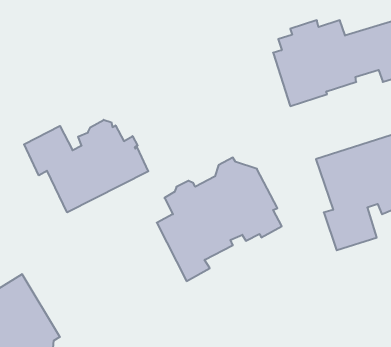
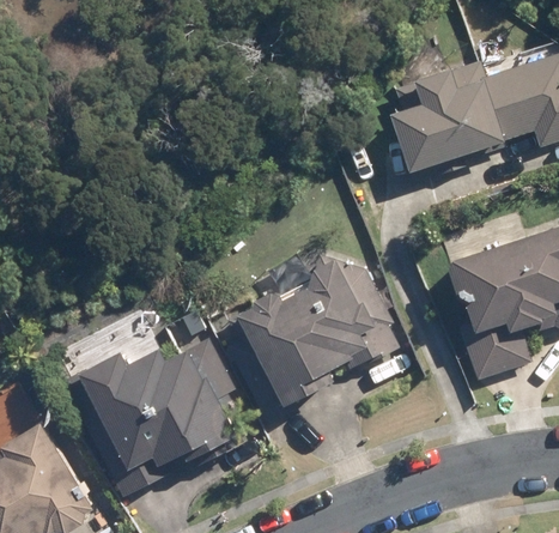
building: [24,120,148,212] -> none
building: none -> [62,339,243,498]

